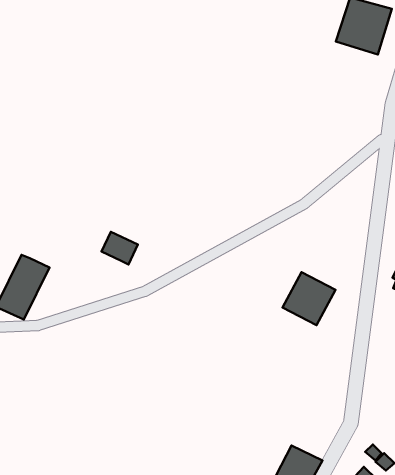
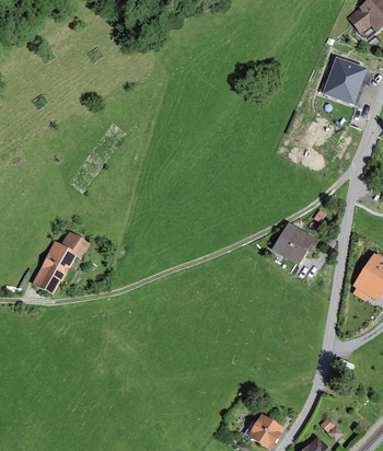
building: [102,232,138,264] -> [61,231,91,258]
building: [282,272,335,325] -> [271,221,315,265]

